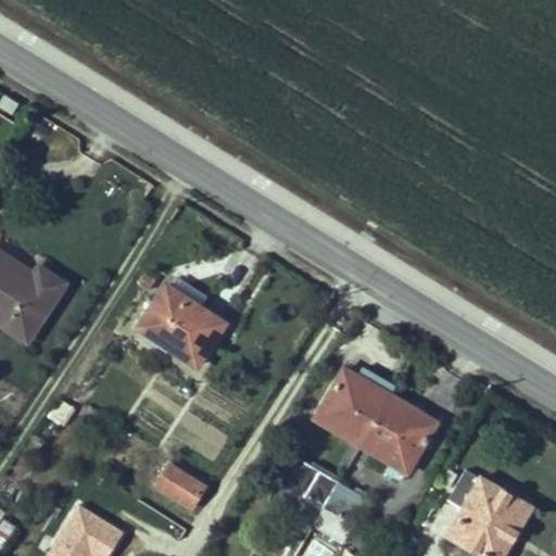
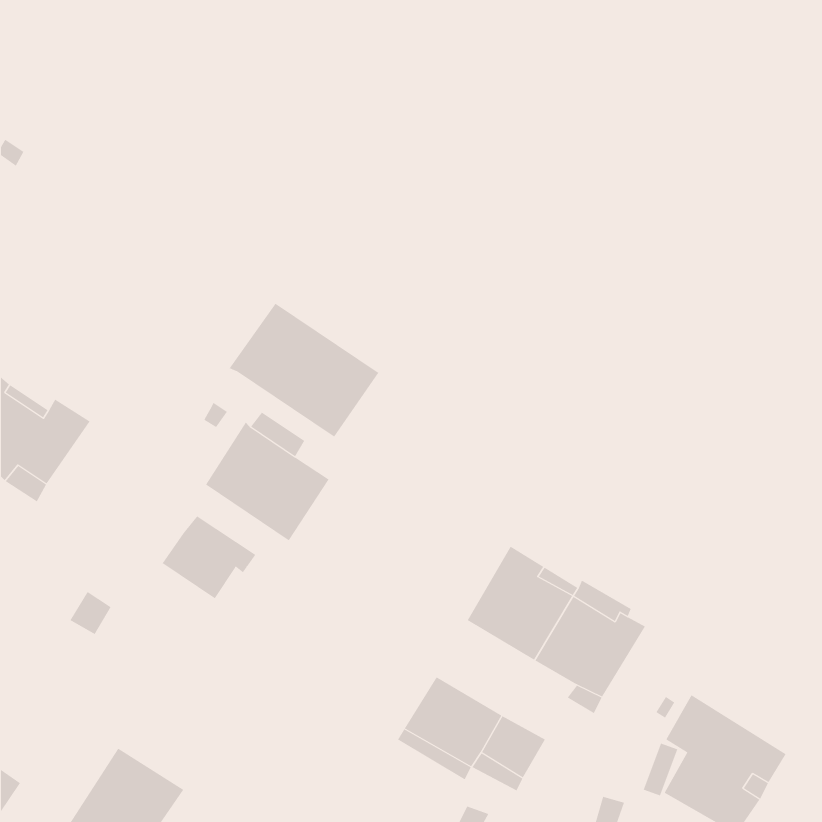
building: none -> [229,303,379,438]
building: none -> [162,516,256,599]
building: [159,465,206,508] -> none

